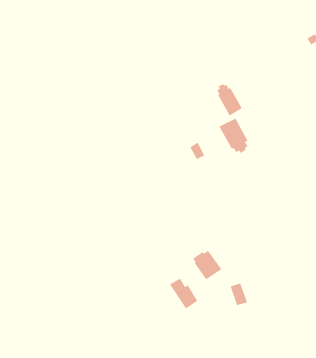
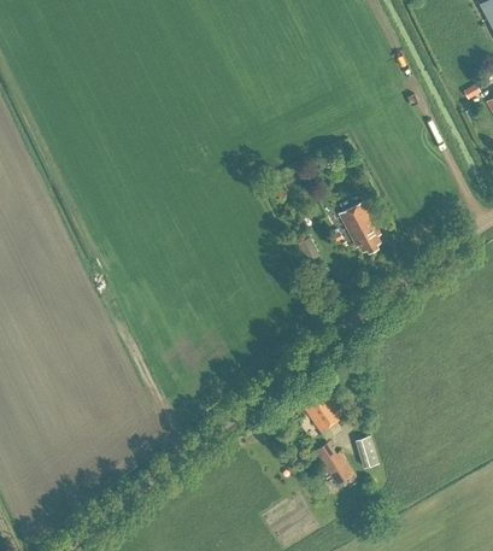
building: [217,83,242,117] -> none
building: [169,278,198,309] -> [313,442,354,487]

